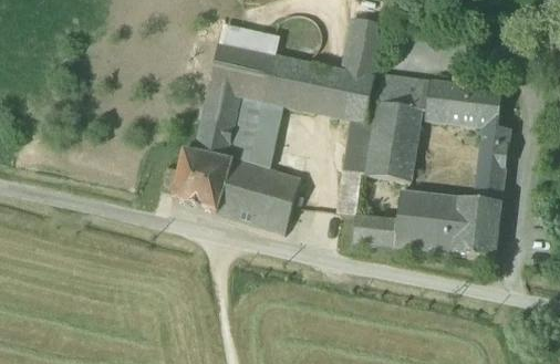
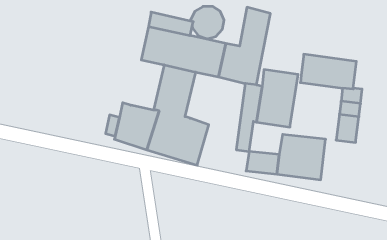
building: [376,73,431,108] -> none
building: [195,87,240,156] -> none
building: [454,196,501,256] -> none

